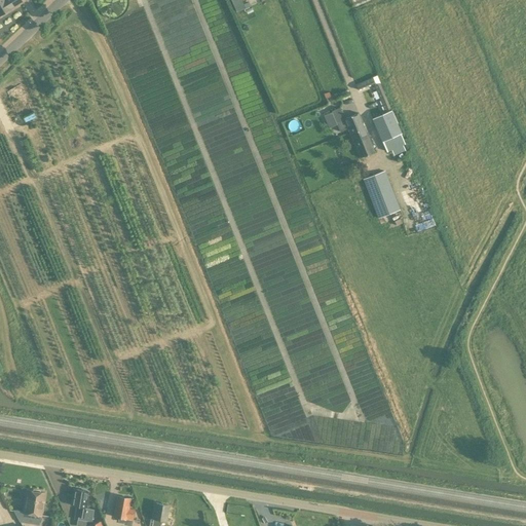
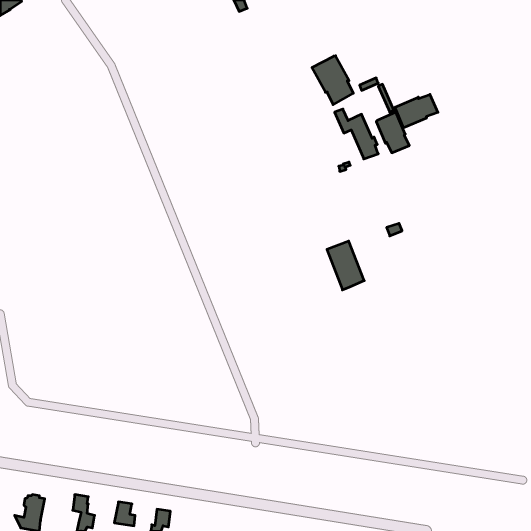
building: none -> [312,56,353,105]
building: none -> [395,94,438,128]
building: [363,171,400,219] -> [327,241,364,290]

